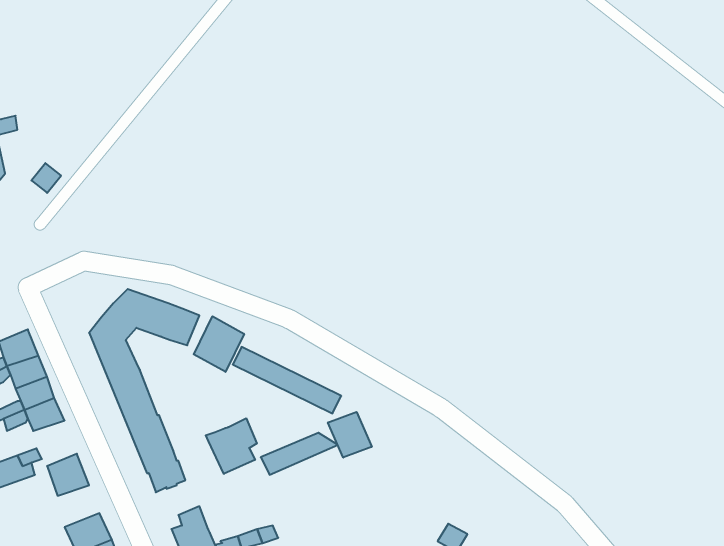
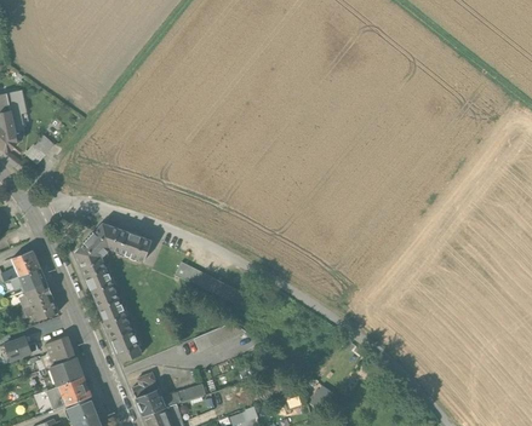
building: [194,316,244,372] -> none
building: [328,412,372,458] -> none
building: [206,418,257,474] -> none
building: none -> [50,358,82,387]

